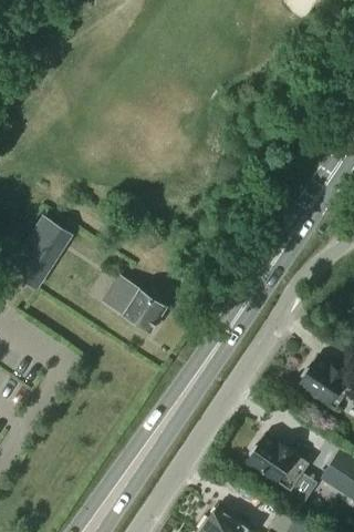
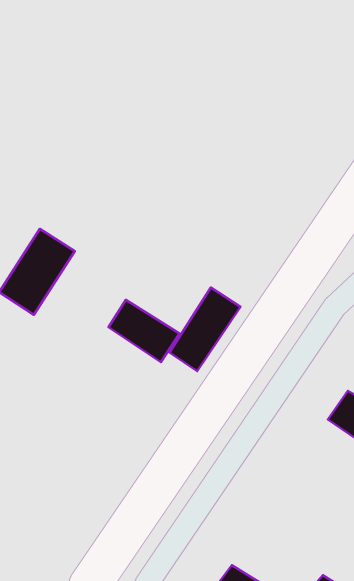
building: none -> [169,288,240,371]
building: [247,437,309,495] -> none

